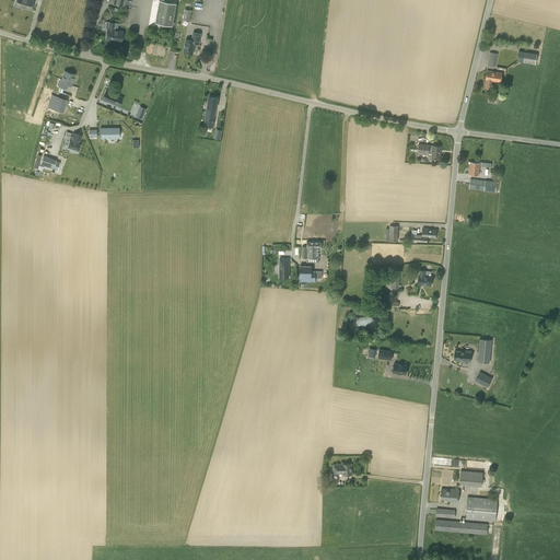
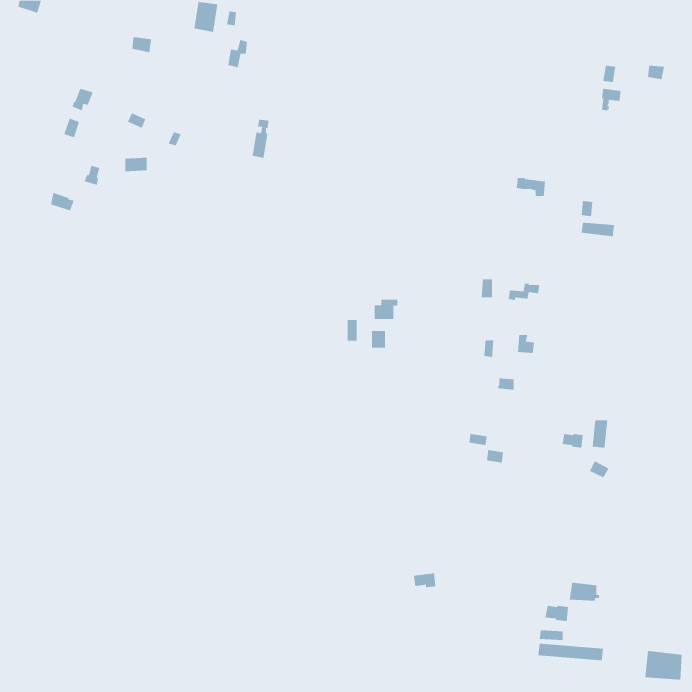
building: [466,497,497,521] -> [645,650,683,680]

